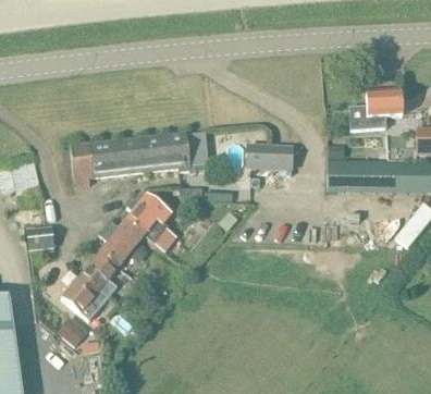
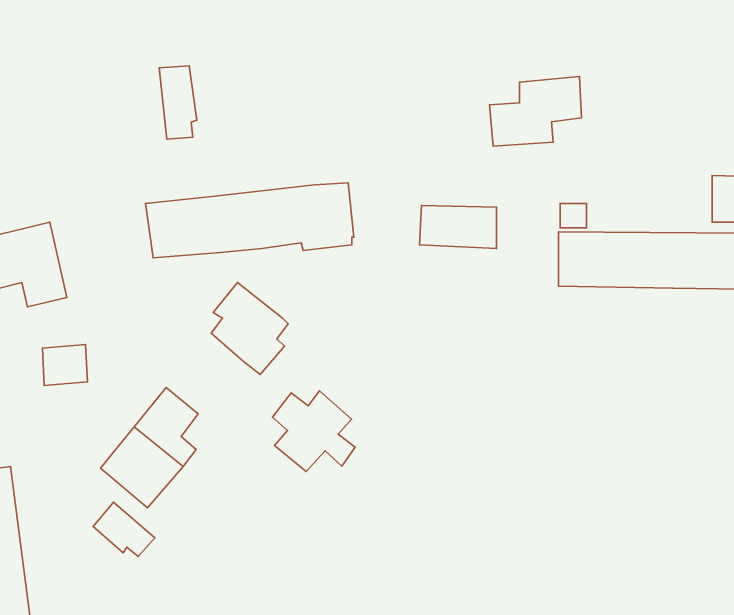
building: [349,88,403,128] -> [489,77,581,146]
building: [71,141,93,184] -> [159,66,197,139]
building: [99,217,147,263] -> [273,391,355,472]

